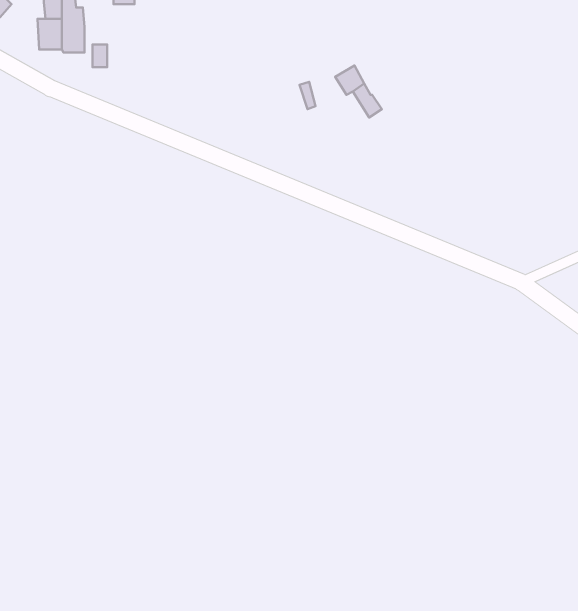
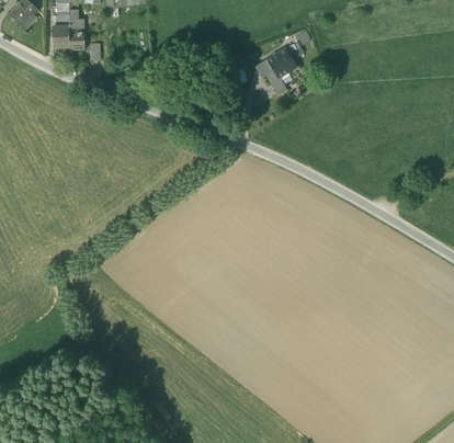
building: none -> [266,47,296,78]

